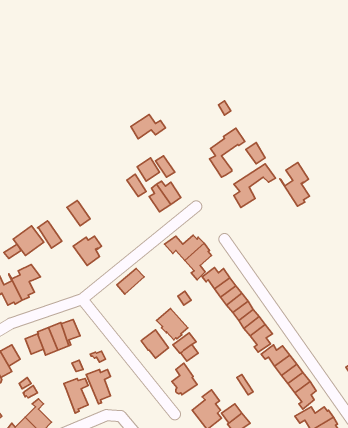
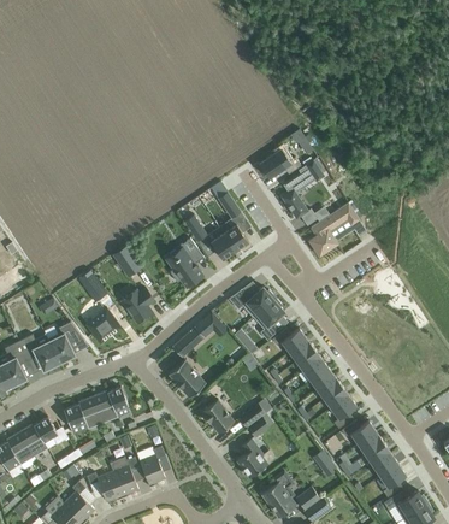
building: [131,114,166,139] -> [260,151,301,179]
building: [280,162,309,206] -> none
building: none -> [170,240,202,288]
building: [13,226,44,255] -> [85,308,122,343]
building: [156,308,188,340] -> [169,360,206,398]
building: none -> [87,472,123,502]

